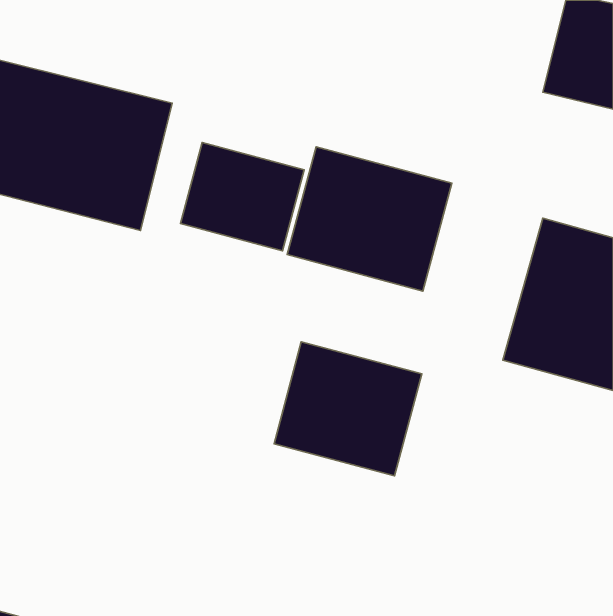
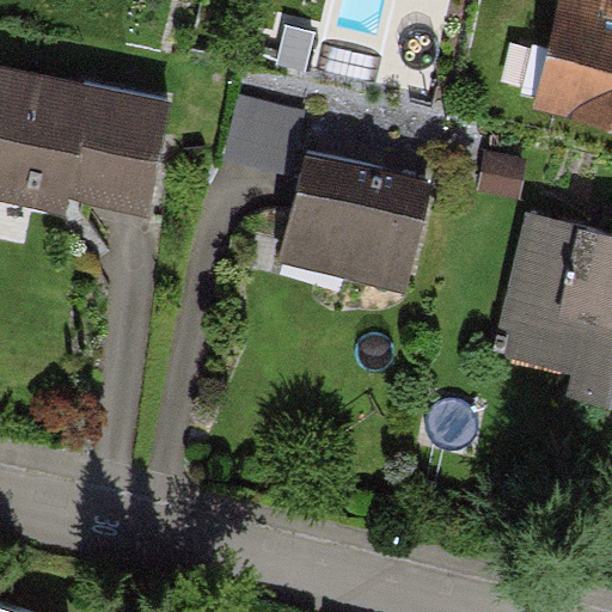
building: [181,142,304,251] -> none
building: [274,342,422,476] -> none

